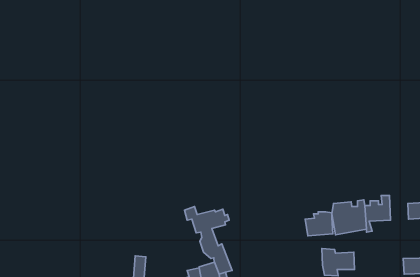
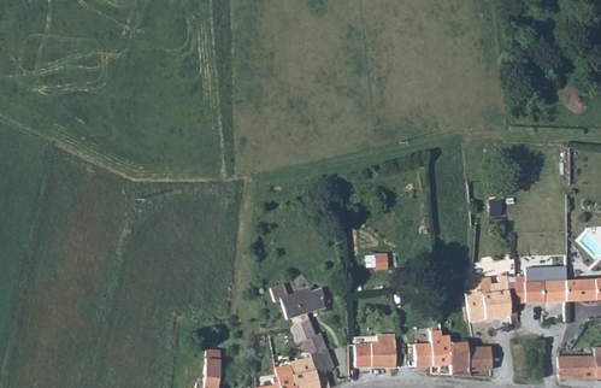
building: none -> [541,269,566,304]
building: [305,212,333,236] -> [417,334,453,365]
building: none -> [355,336,396,369]

